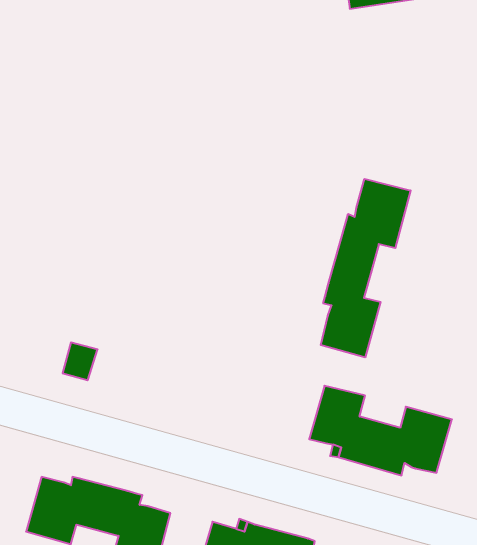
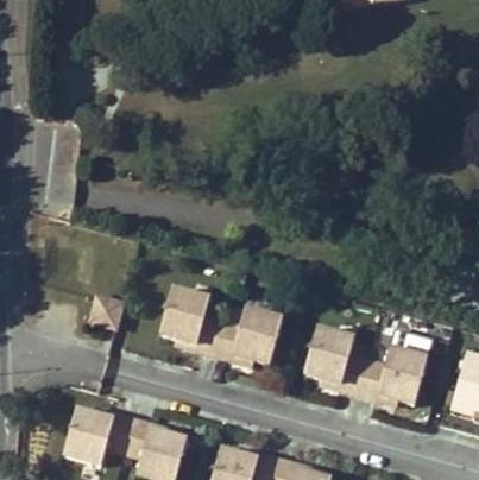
building: [321,179,411,357] -> none
building: none -> [157,288,283,366]

